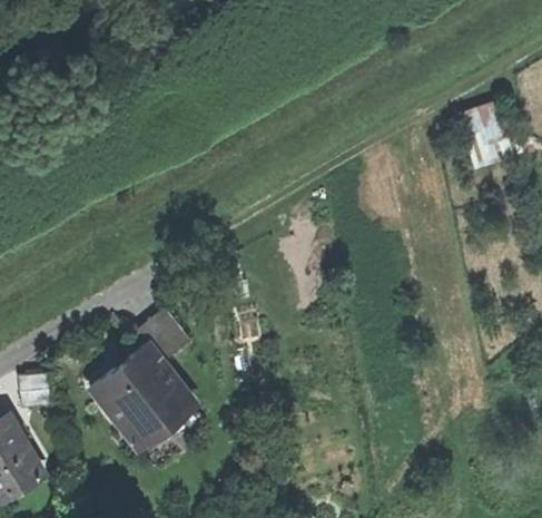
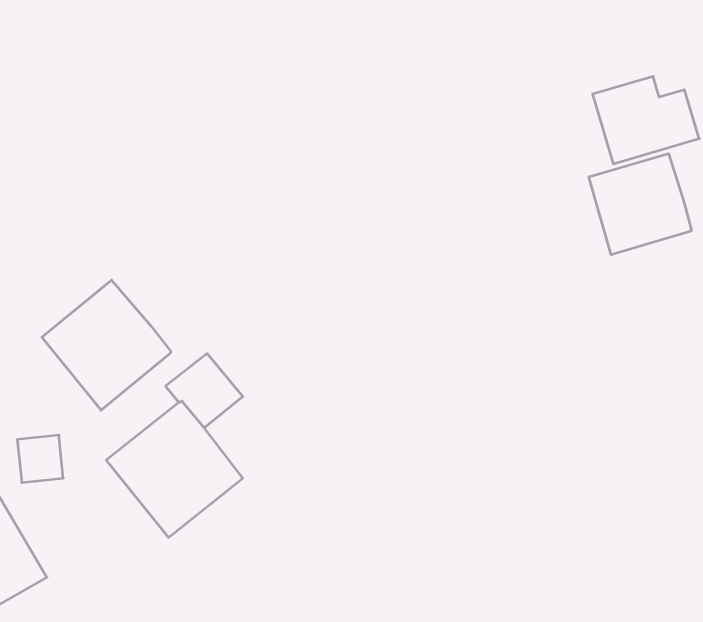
building: none -> [589,154,692,255]
building: none -> [42,280,171,410]

